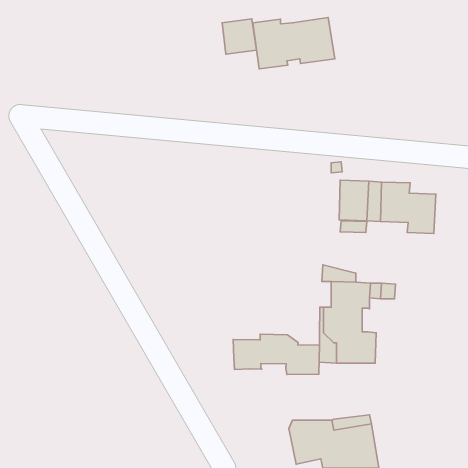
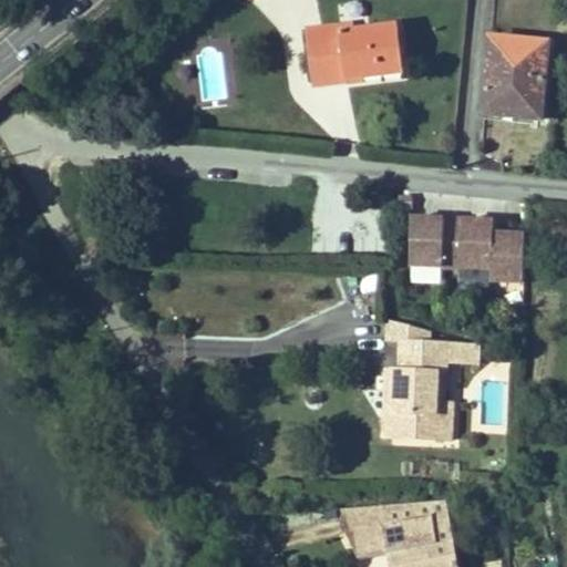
building: [222,19,257,54] -> none
building: none -> [483,37,546,120]
building: [233,334,319,374] -> none

